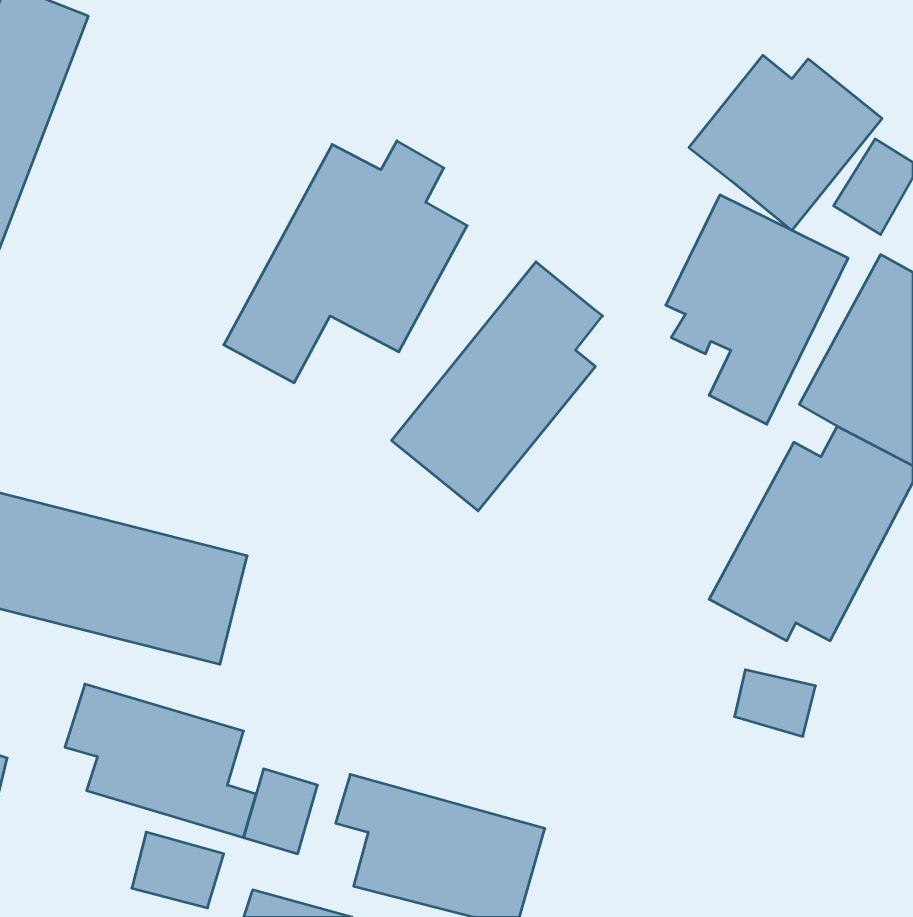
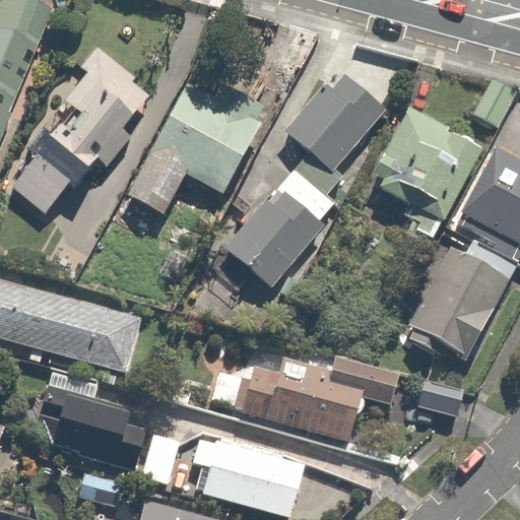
building: [689,55,882,230] -> [277,76,386,175]
building: none -> [10,43,161,214]
building: none -> [208,352,406,440]

